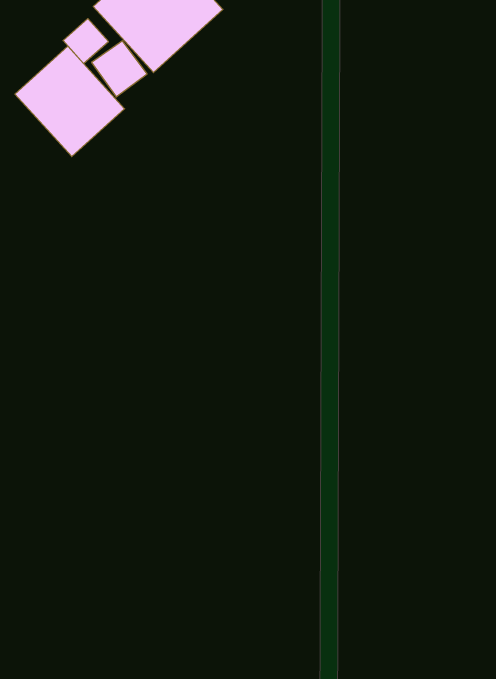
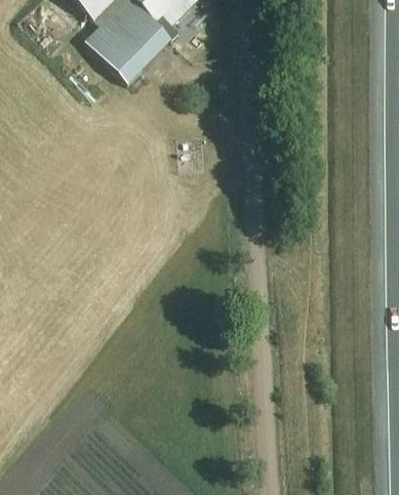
building: [15,46,125,157] -> none

